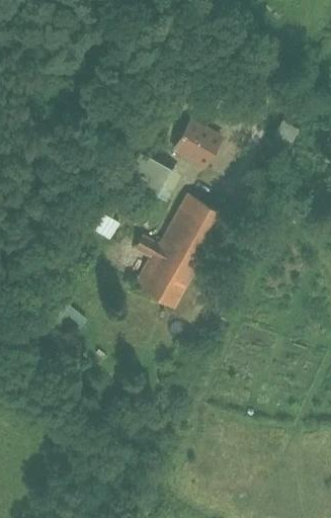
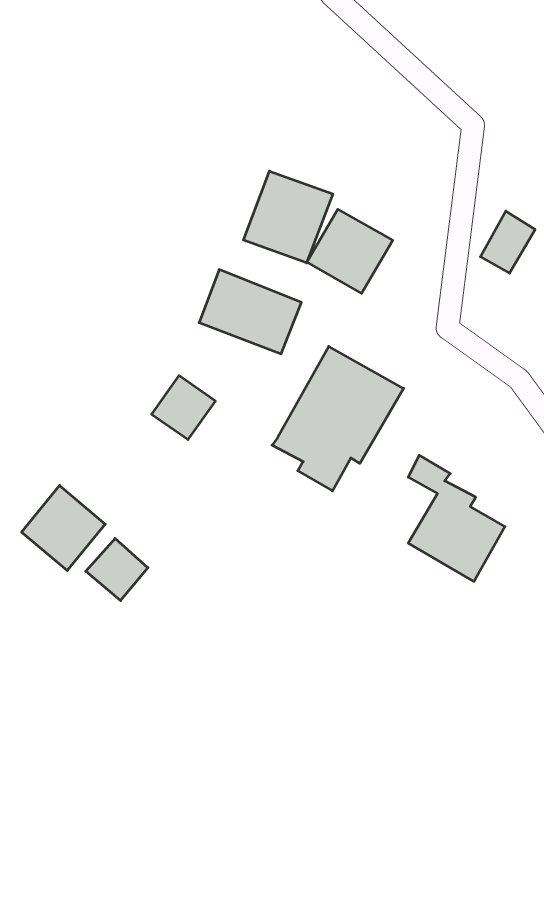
building: none -> [243,171,333,263]
building: [135,236,188,306] -> [408,455,505,581]
building: none -> [22,485,105,571]

